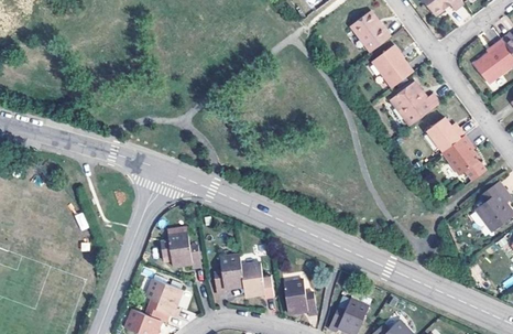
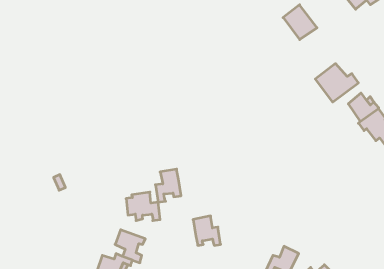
building: [371,46,415,88] -> none
building: [215,256,245,295] -> [155,169,181,202]
building: [285,281,318,316] -> none

